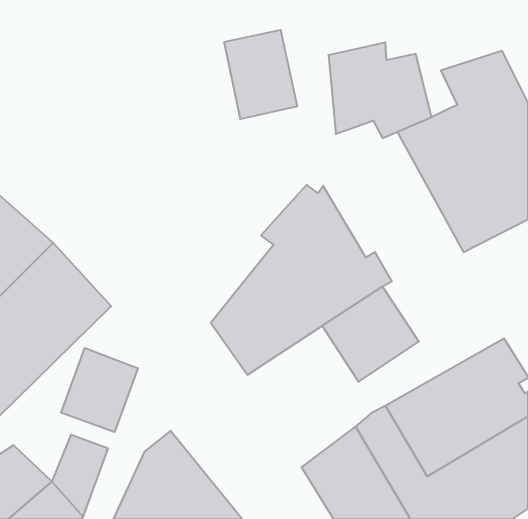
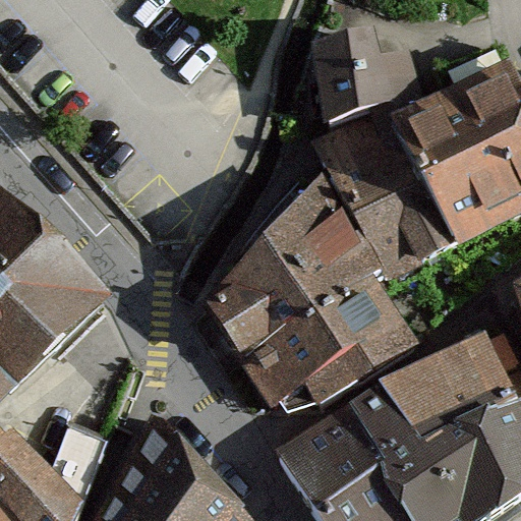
building: [224,30,297,119] -> none
building: none -> [317,129,454,282]
building: none -> [242,320,351,410]
building: [61,348,138,432] -> none

